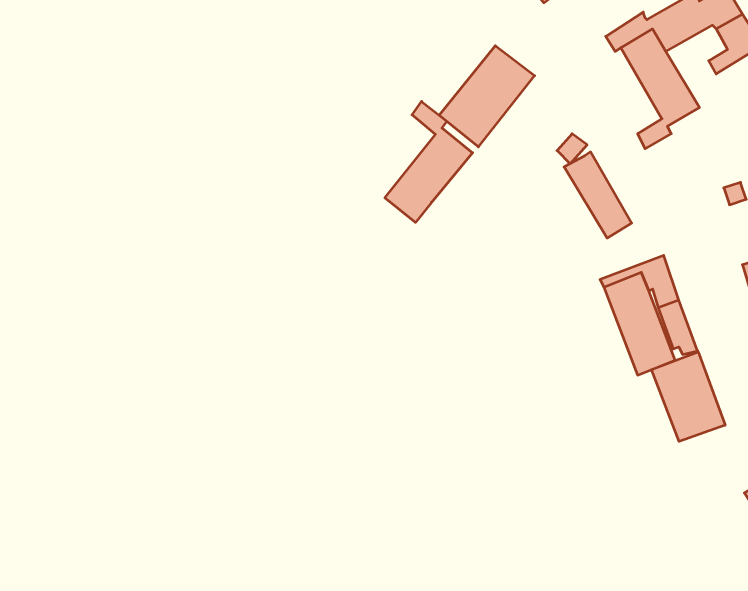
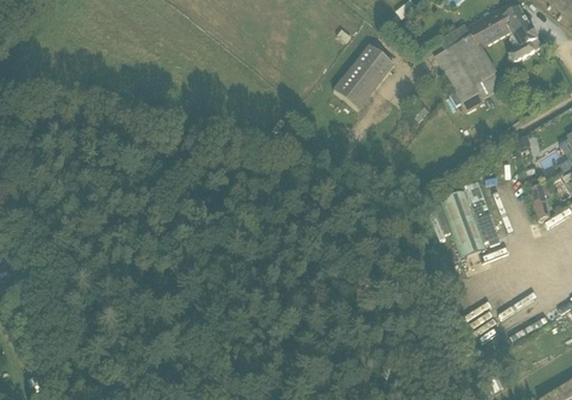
building: [385,101,473,222] -> none
building: [564,152,632,238] -> [434,45,478,100]
building: [651,352,725,441] -> none

